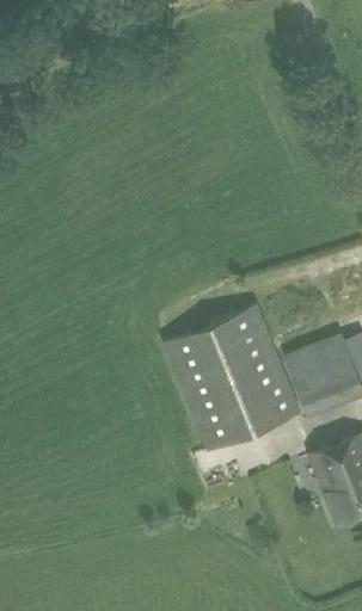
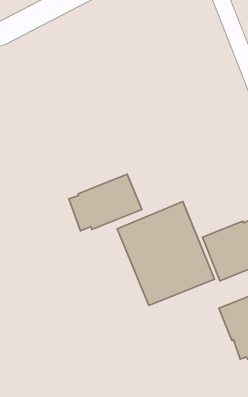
building: none -> [69,174,142,231]

